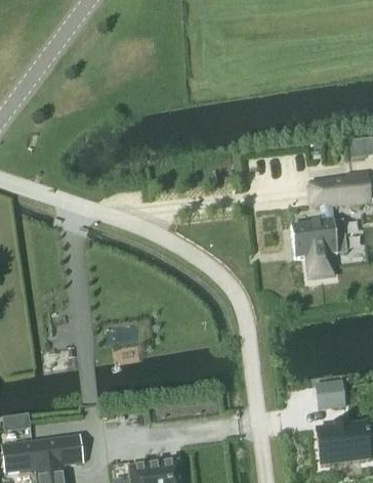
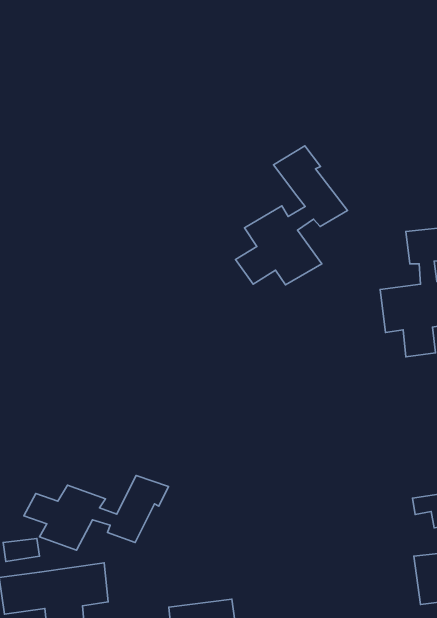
building: none -> [236,146,347,285]
building: none -> [24,475,169,550]

